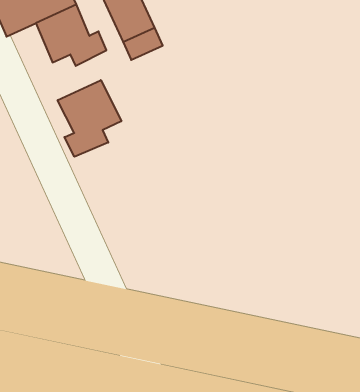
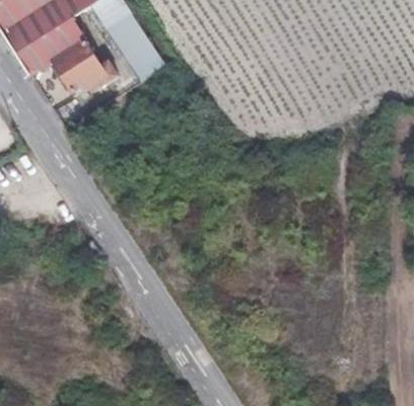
building: [58,80,121,157] -> none

